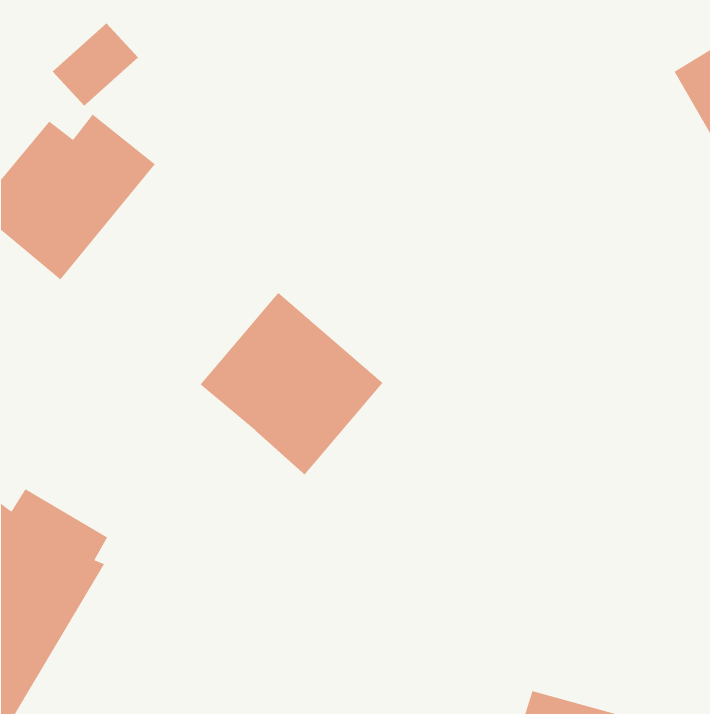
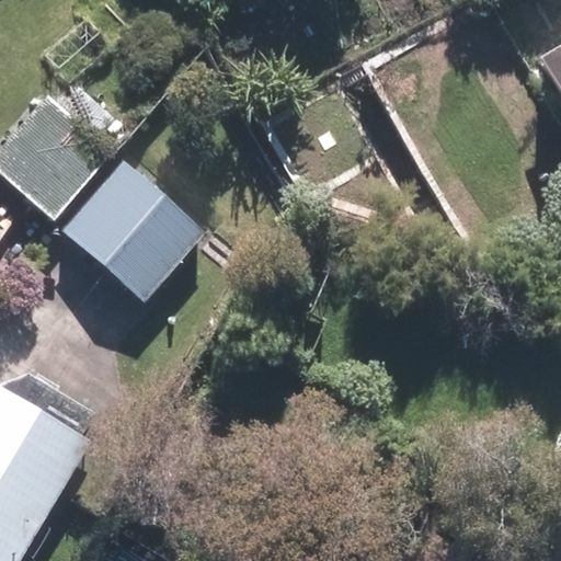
building: [200,292,383,476] -> [61,161,205,305]

